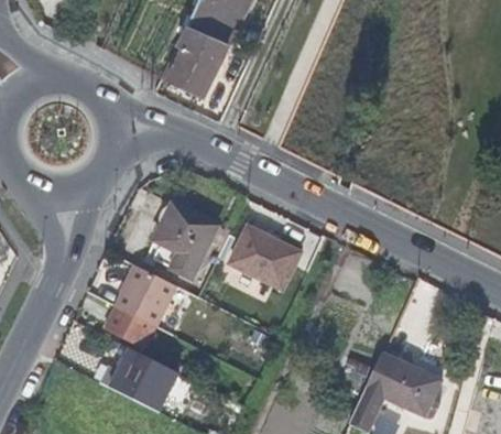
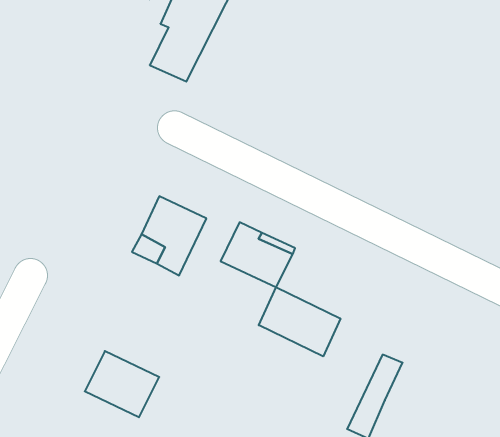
building: [110,269,183,351] -> none
building: none -> [259,287,340,356]
building: [384,359,440,413] -> none

